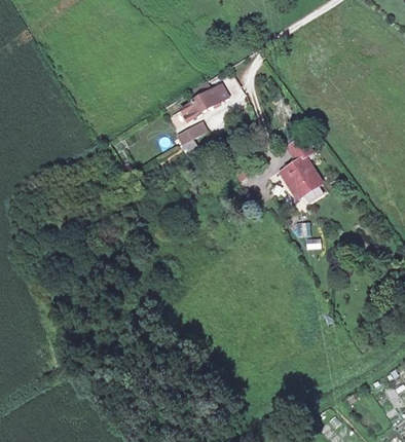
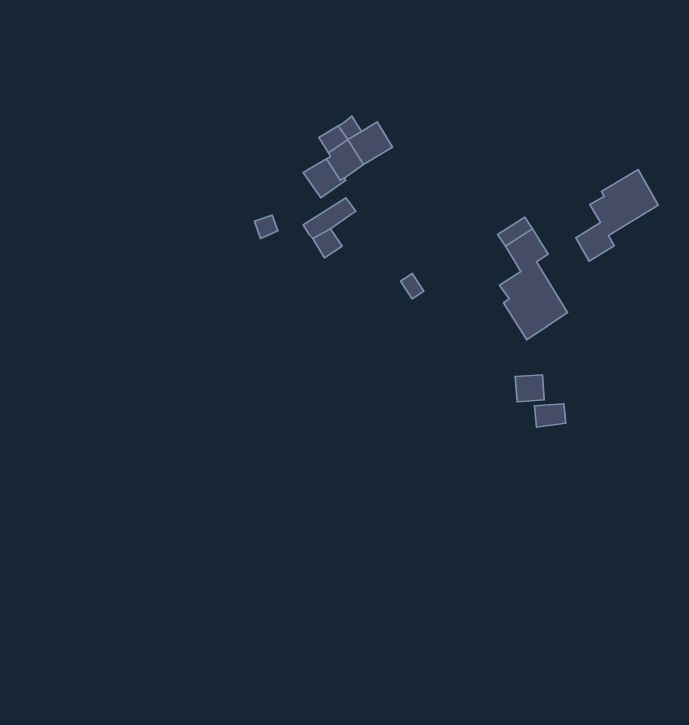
building: none -> [576,169,658,261]

